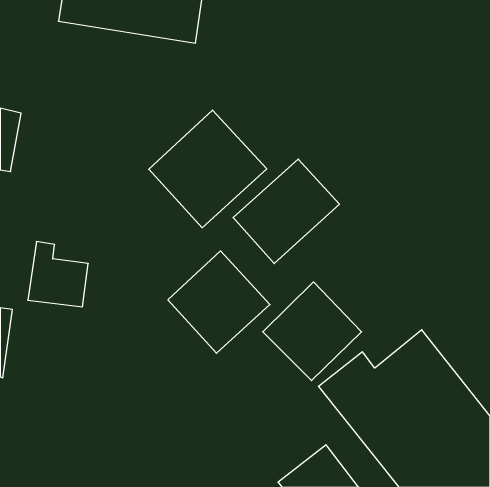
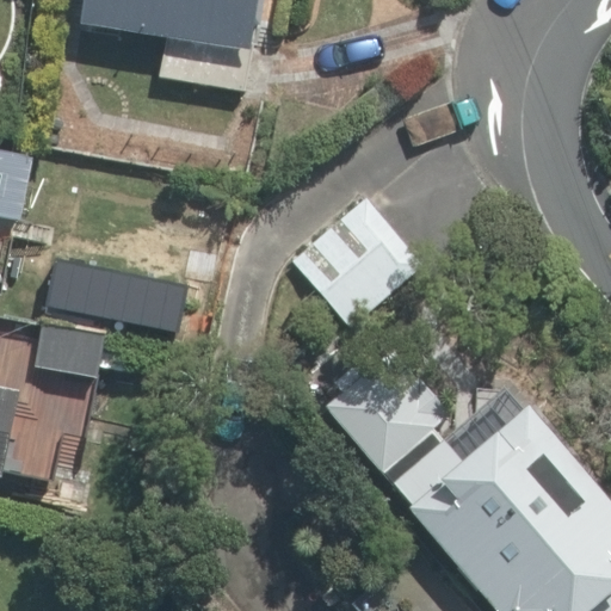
building: [149,110,267,228] -> none
building: [168,251,270,353] -> none

